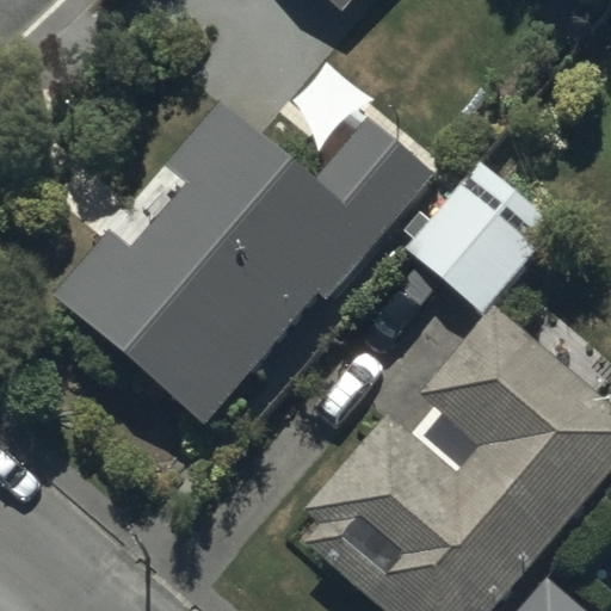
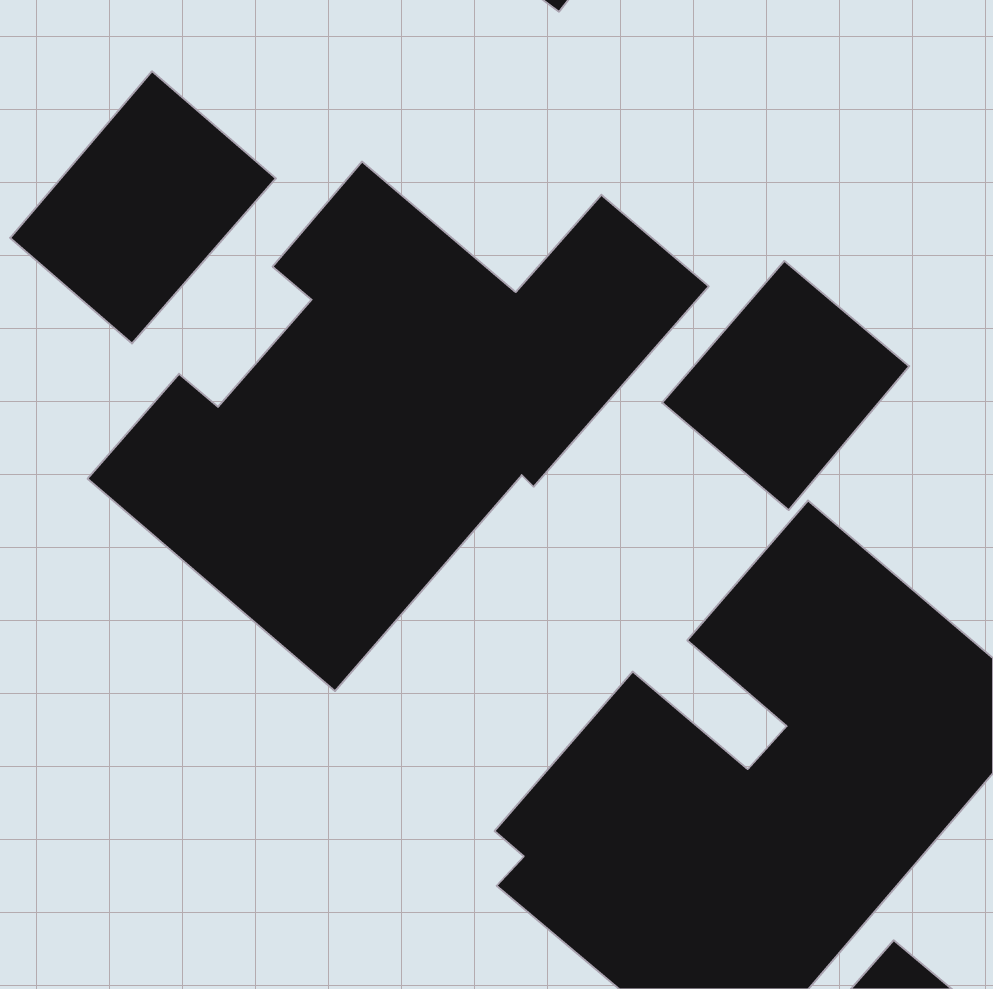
building: none -> [10,71,276,344]

